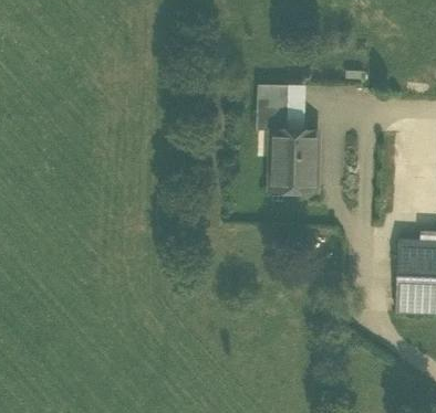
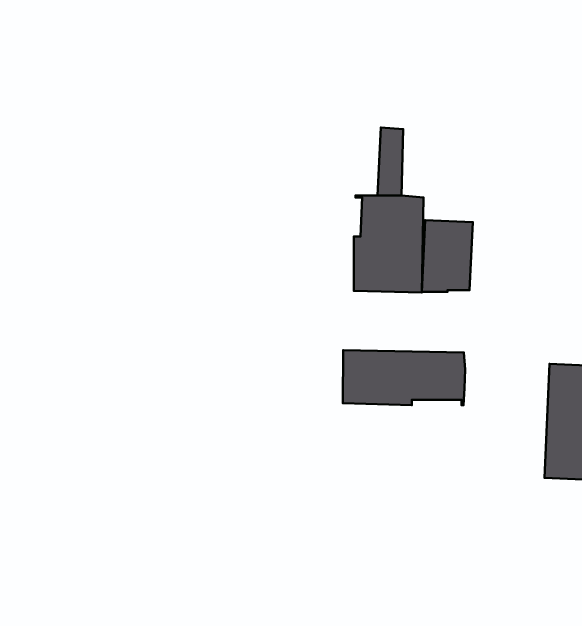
building: [257,84,290,130] -> [422,220,473,292]
building: none -> [343,350,465,405]

